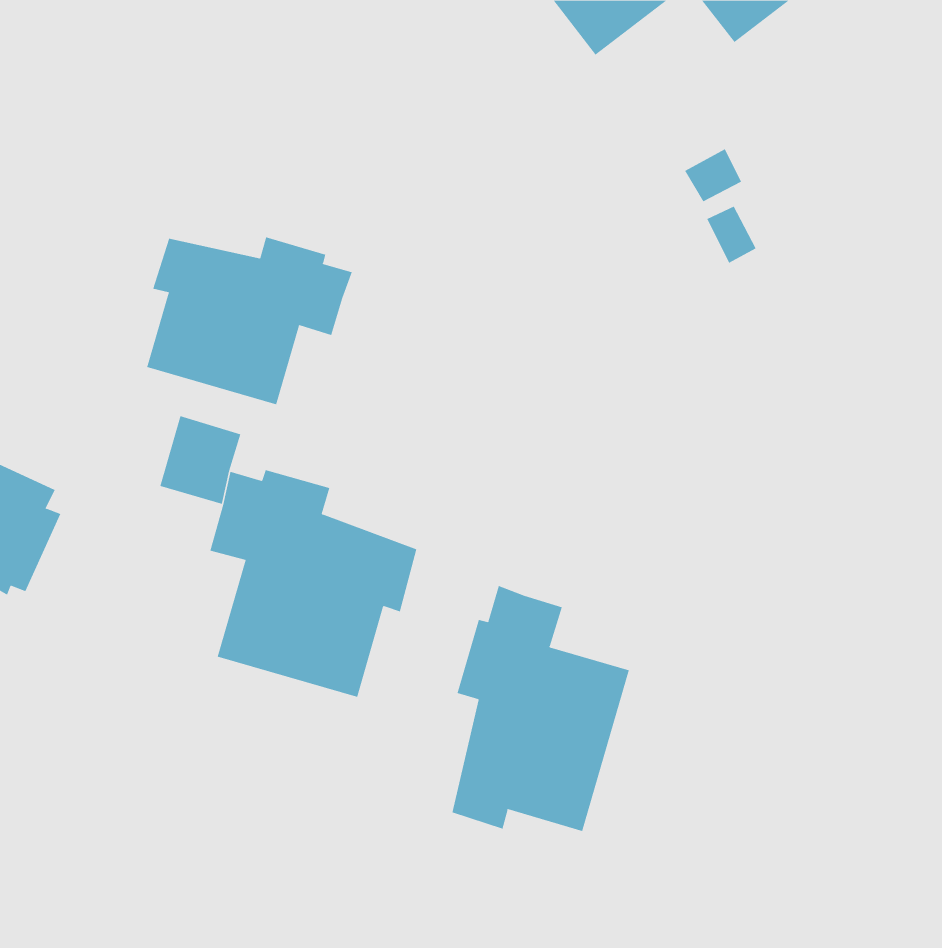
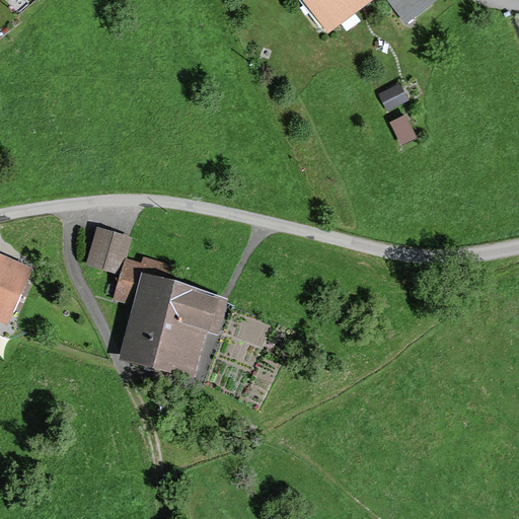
building: [146,237,353,405] -> none
building: [452,585,629,832] -> none

